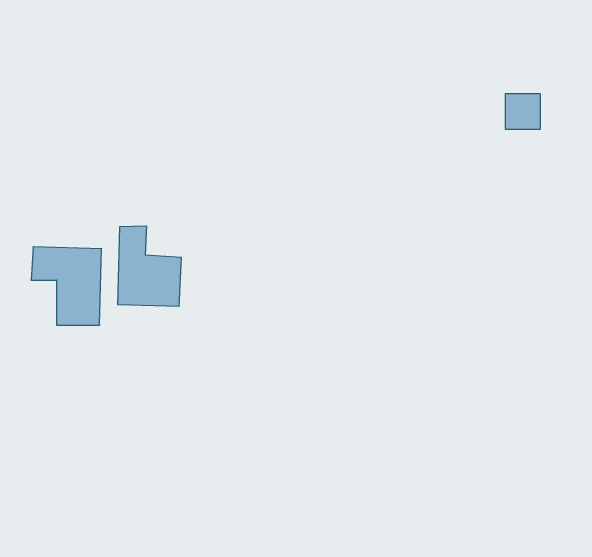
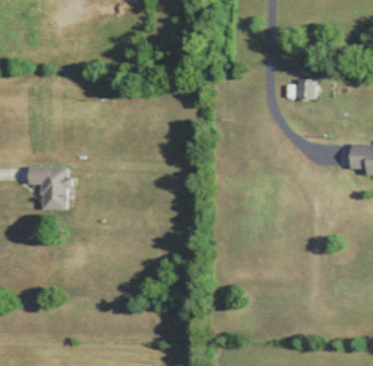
building: [118,226,181,306] -> none

